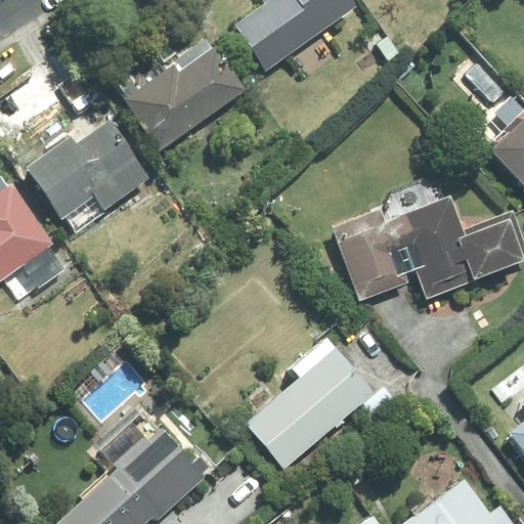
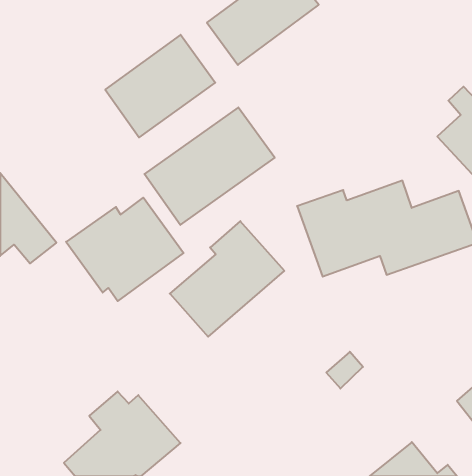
building: none -> [144,107,275,225]
building: [23,119,150,231] -> [66,198,184,301]
building: [246,340,370,466] -> [170,221,284,337]

